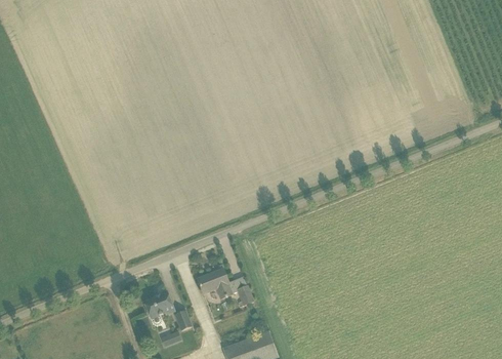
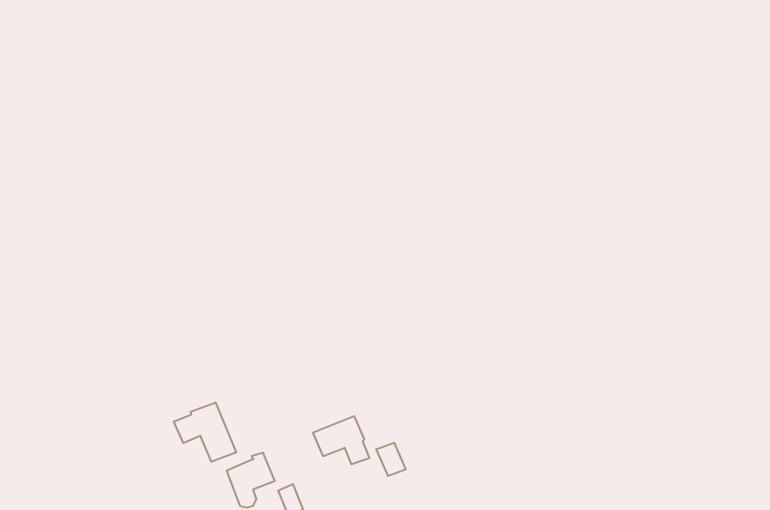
building: none -> [174,402,236,462]

